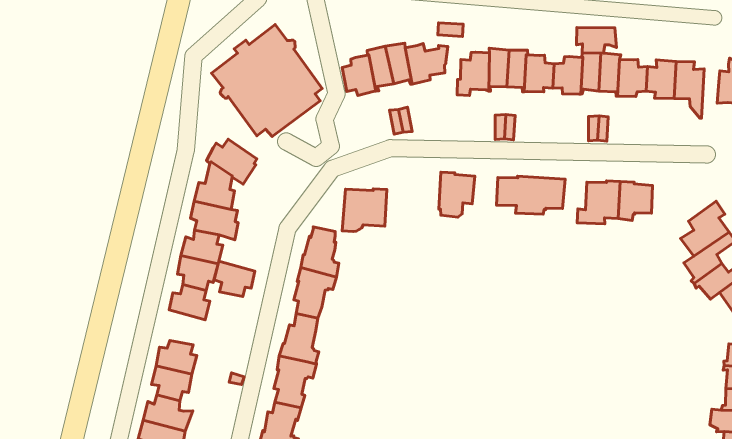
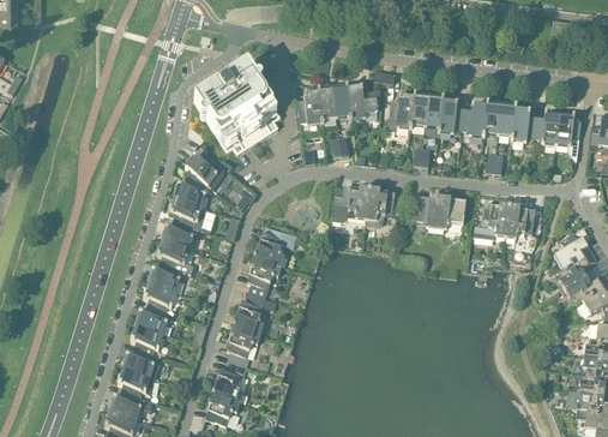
building: [576,27,617,53] -> none
building: [342,189,387,232] -> [332,186,369,220]
building: [214,261,255,296] -> [144,282,176,311]

